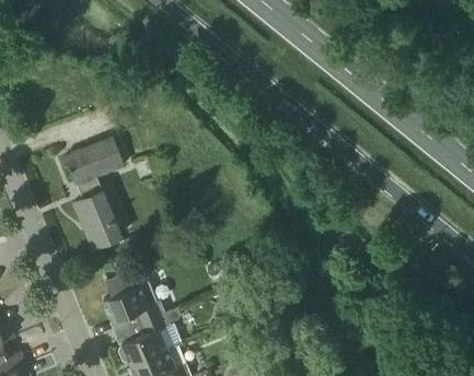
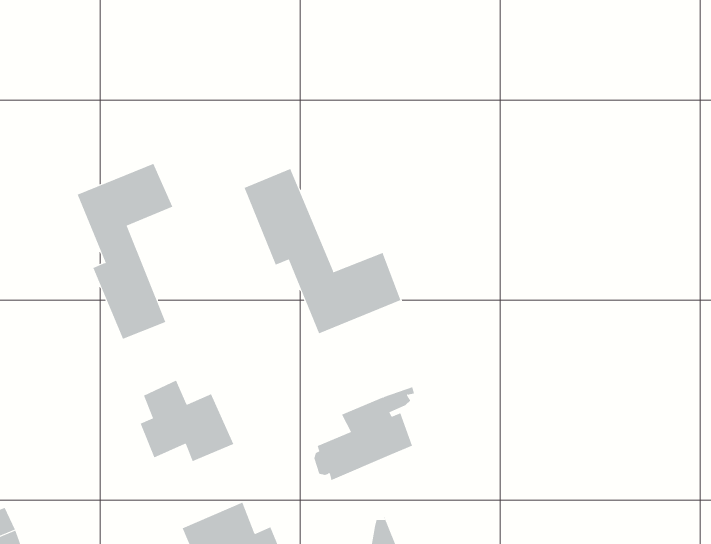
building: none -> [244,168,401,334]
building: [118,306,182,365] -> [313,386,415,481]

